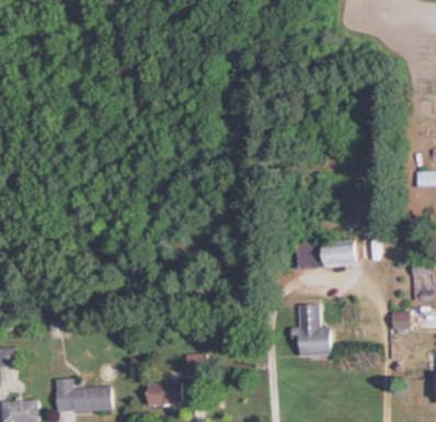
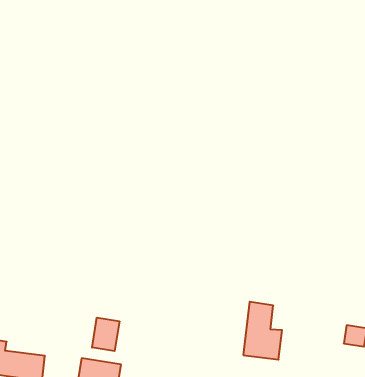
building: [298,241,362,267] -> none
building: none -> [92,318,119,351]

